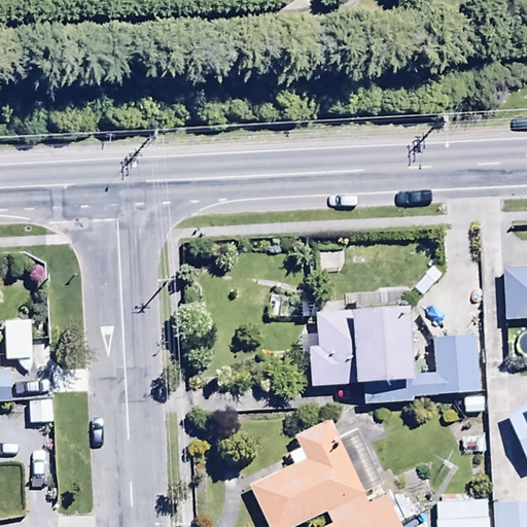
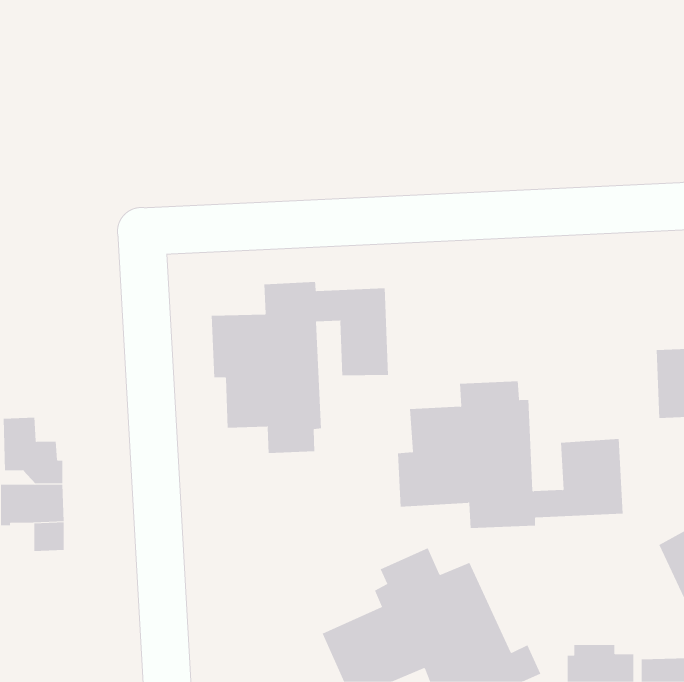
building: none -> [211,281,389,454]

